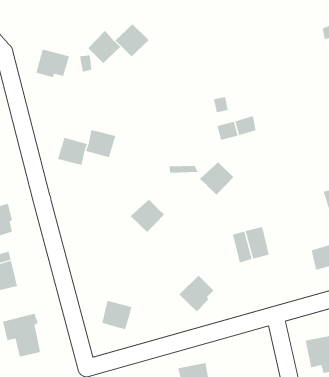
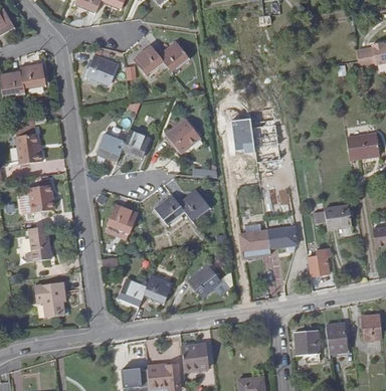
building: none -> [167,121,198,153]
building: [199,162,234,196] -> [180,191,210,220]
building: none -> [110,205,137,231]
building: none -> [268,226,297,247]
building: none -> [145,275,173,303]

